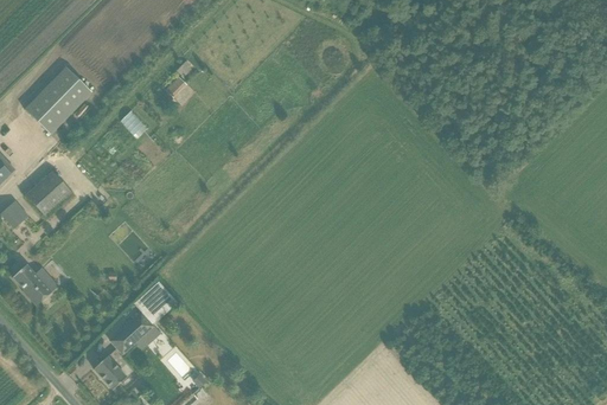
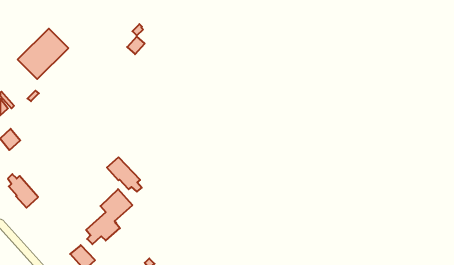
building: [25,168,71,214] -> none
building: none -> [107,157,142,192]

